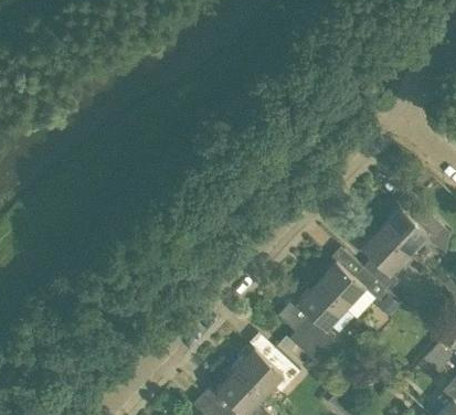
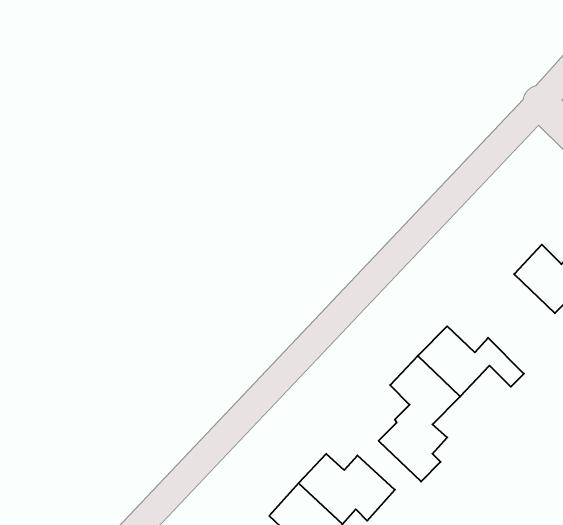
building: [359,226,407,294] -> none

